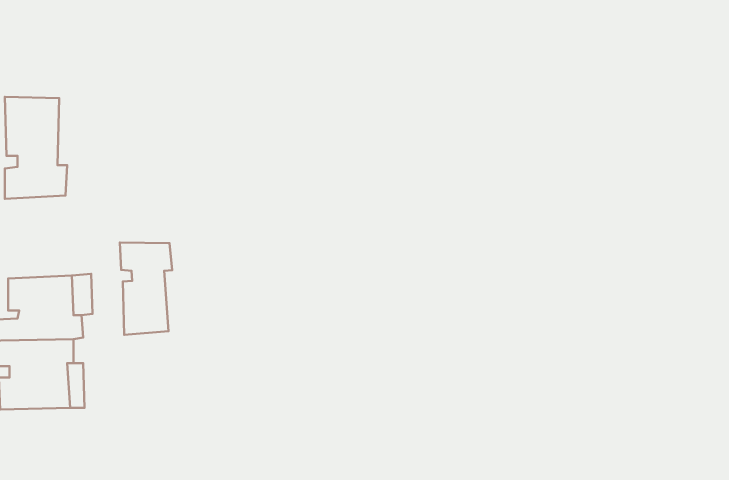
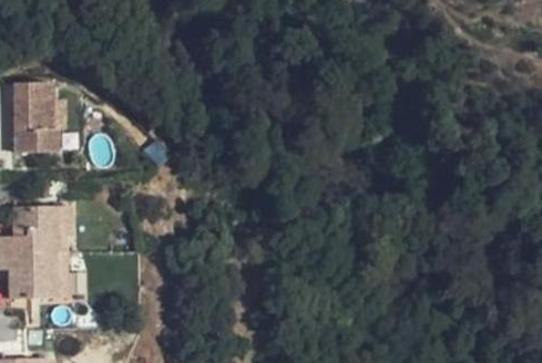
building: [120,243,172,335] -> none

